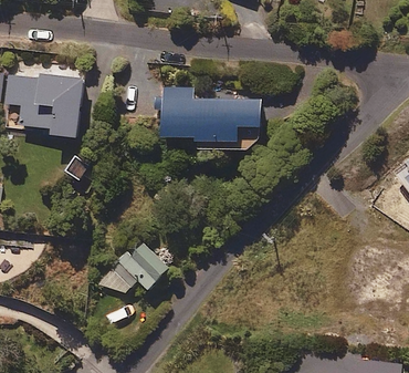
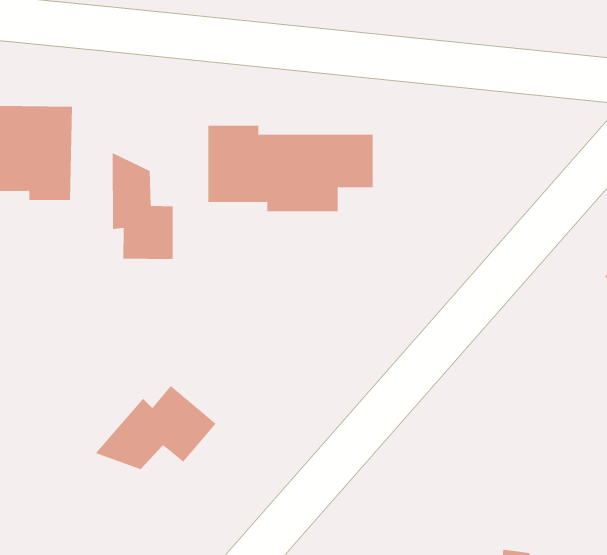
building: none -> [112,152,173,260]

